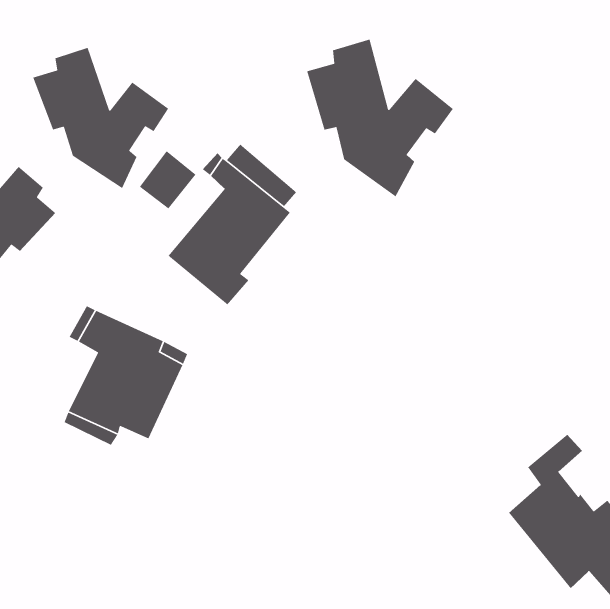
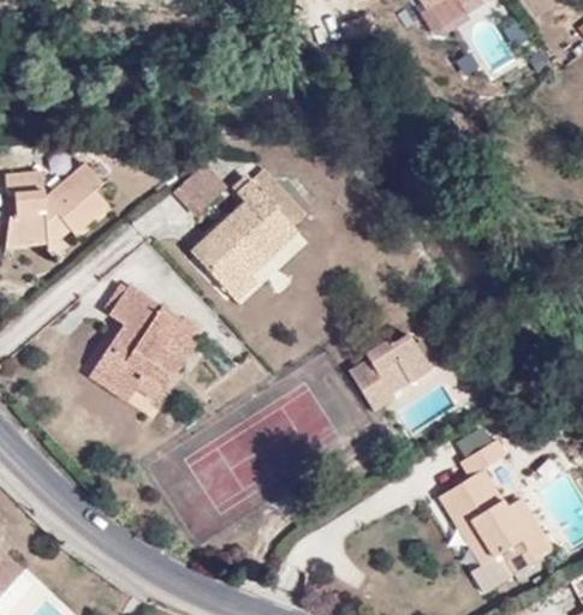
building: [306,38,454,198] -> none
building: [32,47,169,189] -> none
building: none -> [345,332,427,407]

